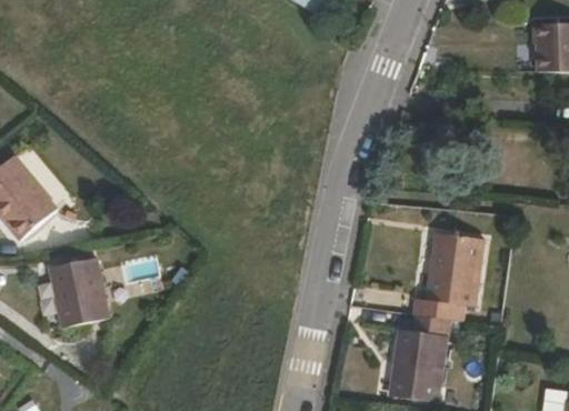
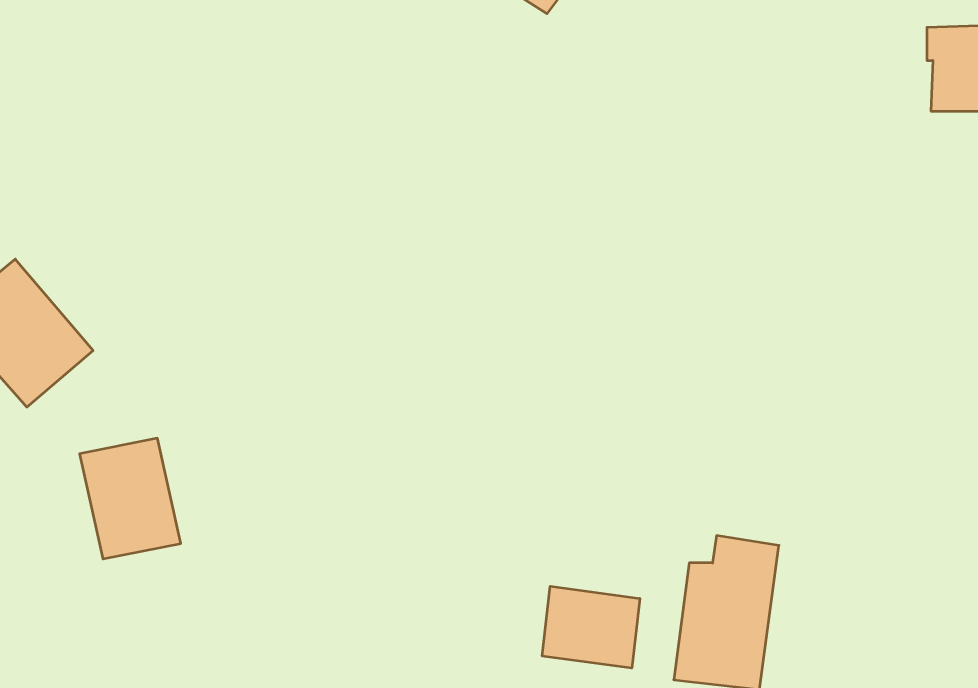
building: [412,233,483,321] -> none
building: none -> [542,586,640,668]

